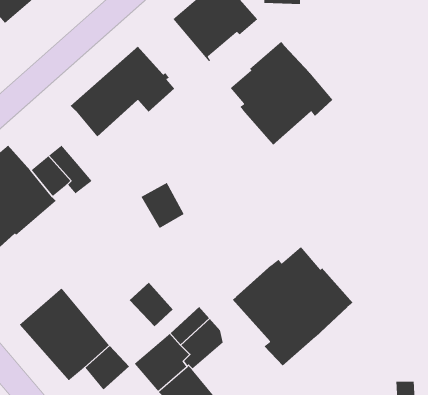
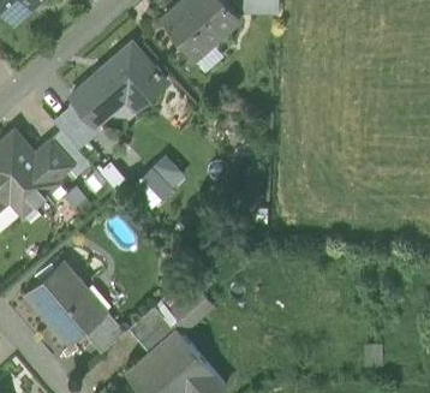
building: [230,41,333,146] -> none
building: none -> [54,102,100,149]
building: [232,246,354,366] -> none
building: [129,282,173,327] -> none

